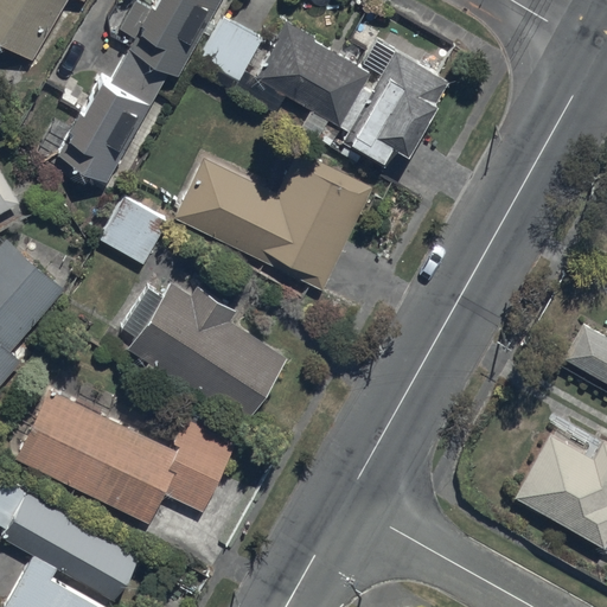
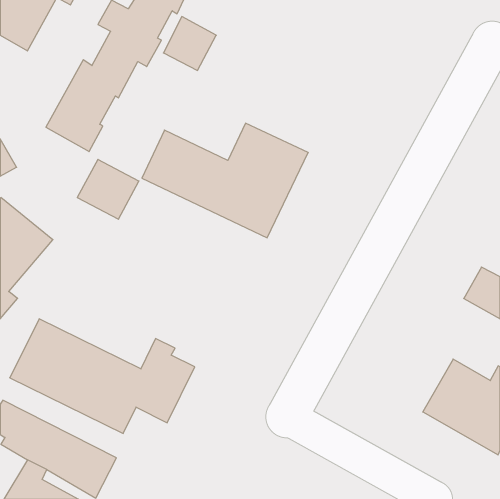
building: [255,27,448,168] -> none
building: [122,282,287,426] -> none

